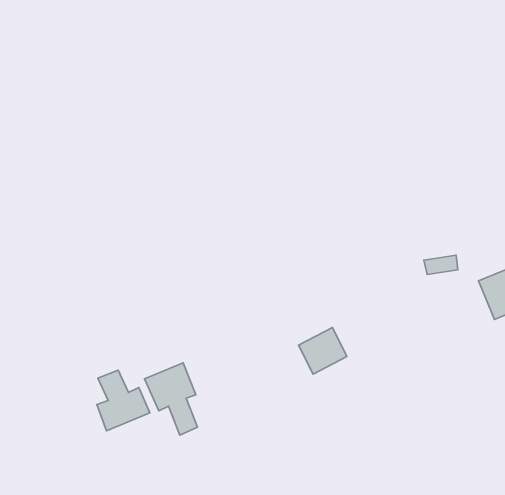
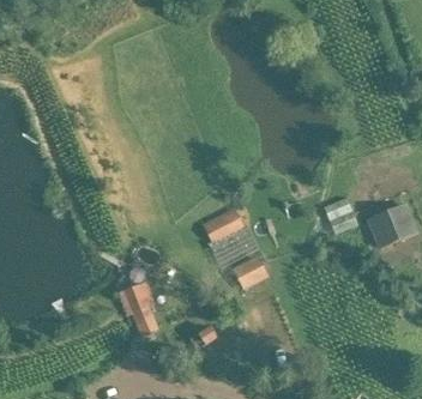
building: none -> [203,207,245,243]
building: [97,370,150,431] -> none

